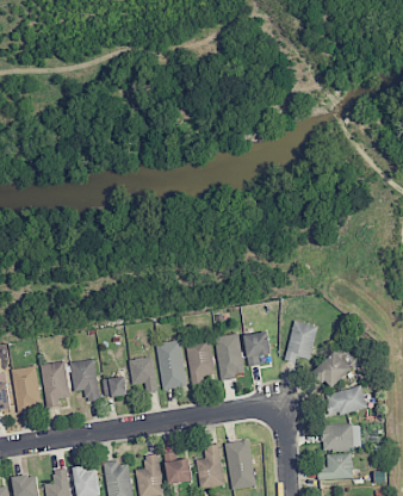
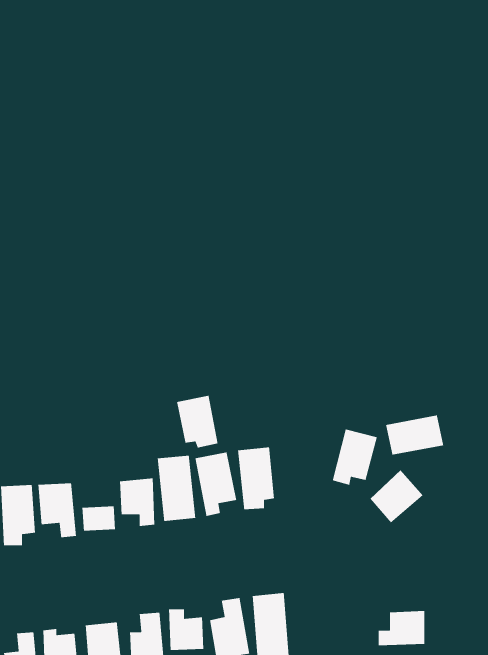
building: none -> [176,395,218,448]
building: [244,331,271,366] -> none
building: [324,386,367,416] -> [385,415,444,456]
building: [322,423,361,450] -> none

